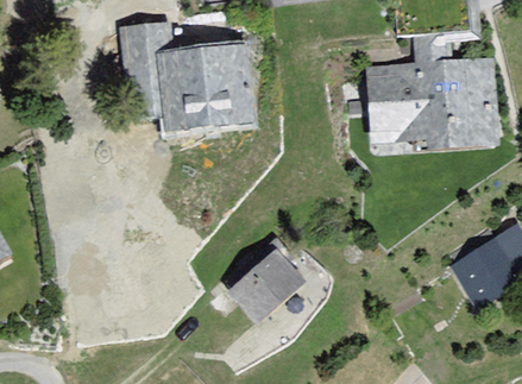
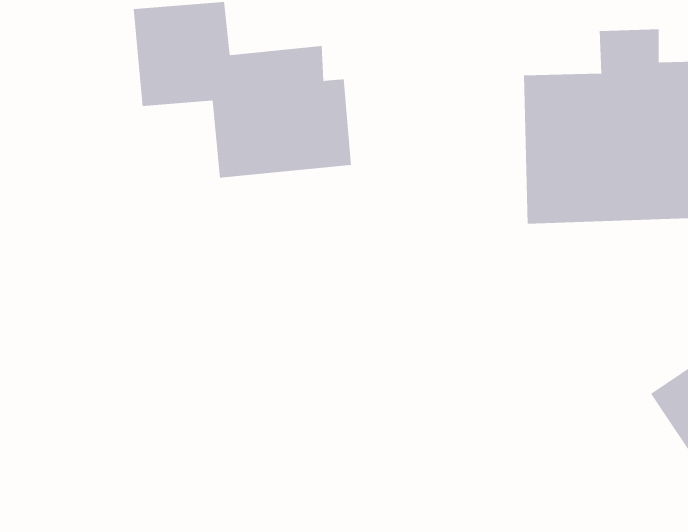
building: [225,251,308,329] -> none

